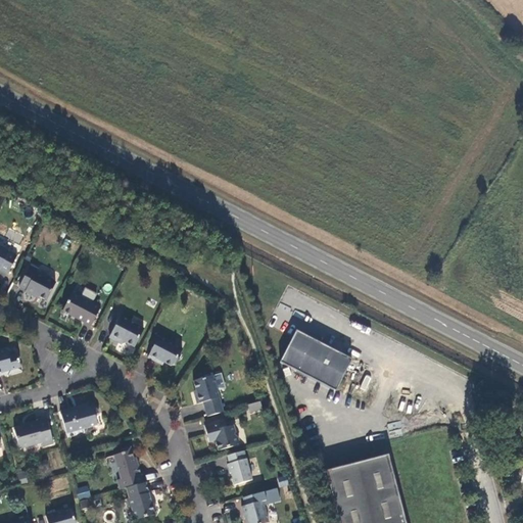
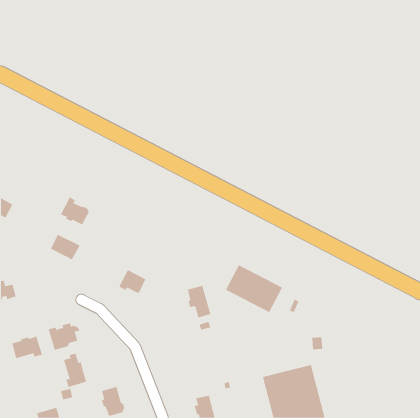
building: [18,263,55,298] -> [60,197,90,225]
building: [104,313,139,343] -> none
building: [193,374,223,415] -> [187,285,211,318]
building: [204,418,239,448] -> none
building: [113,445,143,488] -> [63,353,87,388]
building: [227,449,252,484] -> none

